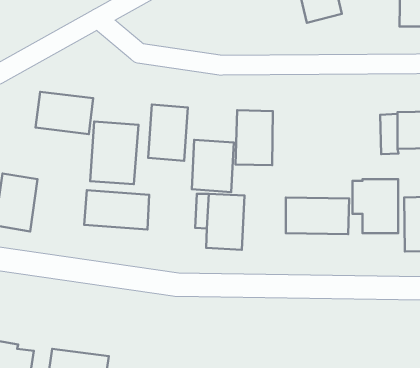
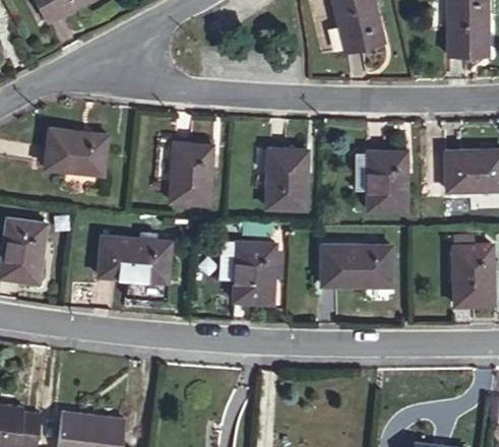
building: [90,122,139,184] -> none
building: [192,140,234,192] -> none
building: [352,179,398,233] -> [357,150,408,210]

